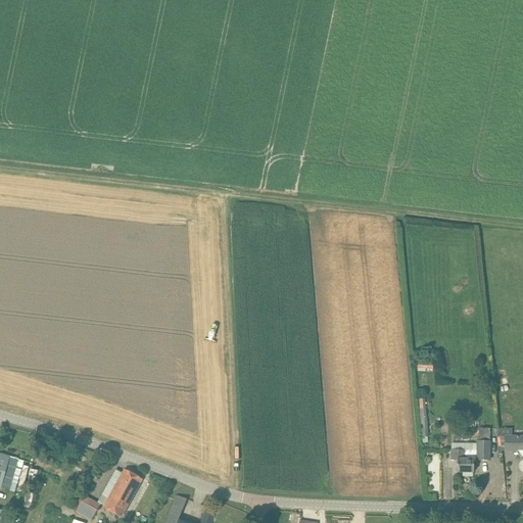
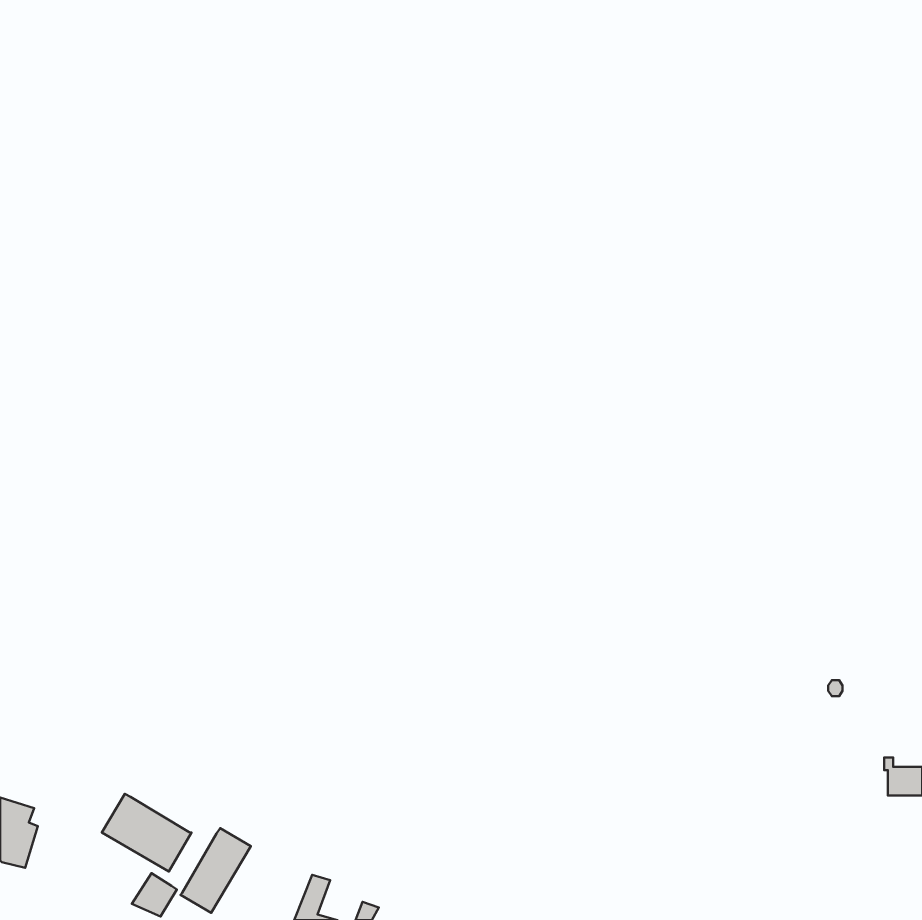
building: [451,427,490,472] -> none
building: none -> [102,794,192,871]

